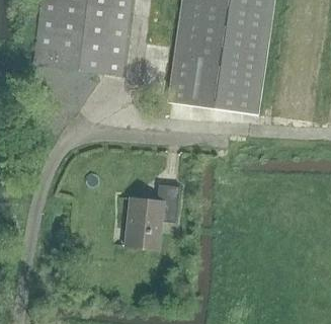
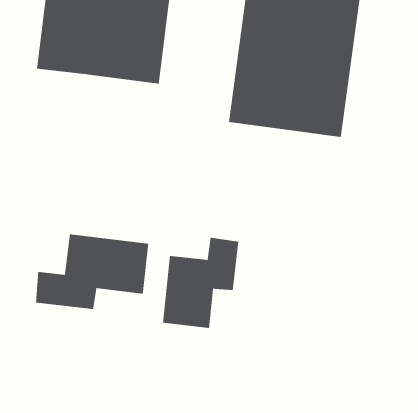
building: none -> [35,233,149,310]

